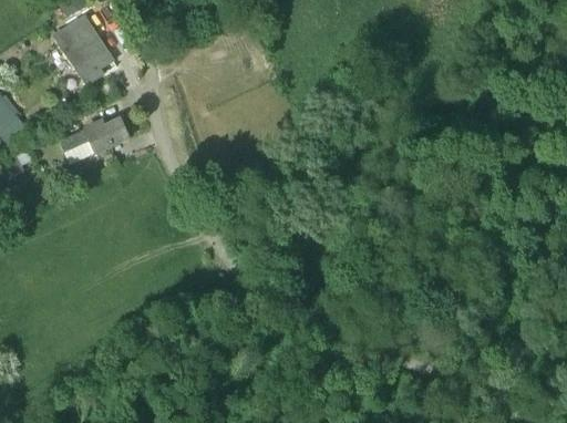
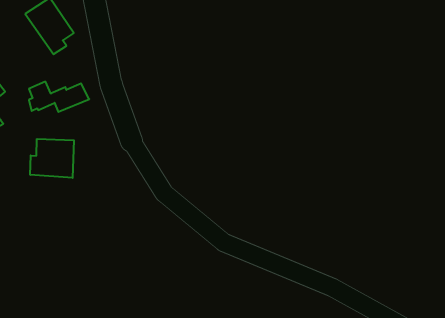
building: none -> [30,139,74,178]

